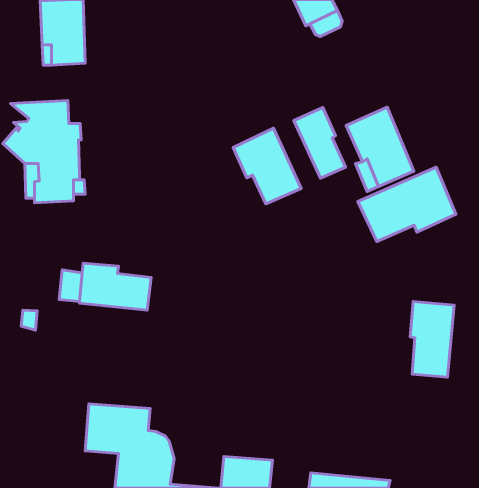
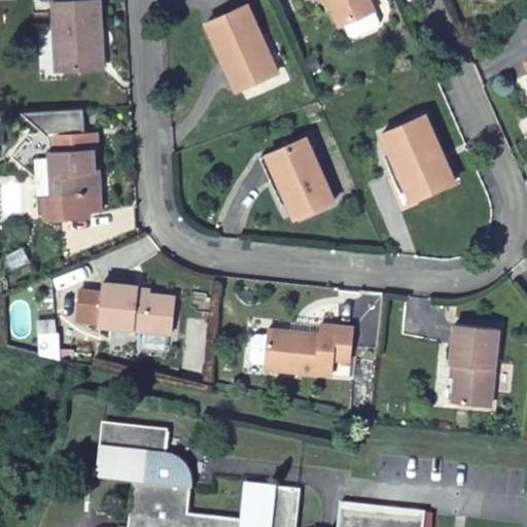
building: none -> [205,5,277,90]
building: [294,107,345,178] -> none
building: [358,167,456,242] -> none
building: none -> [247,323,352,376]

